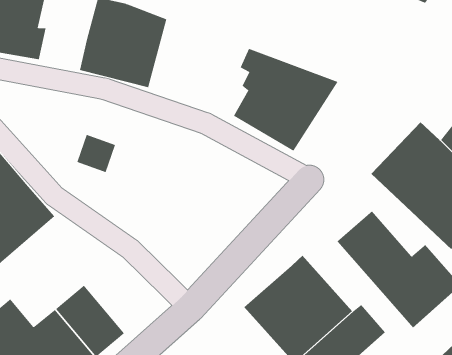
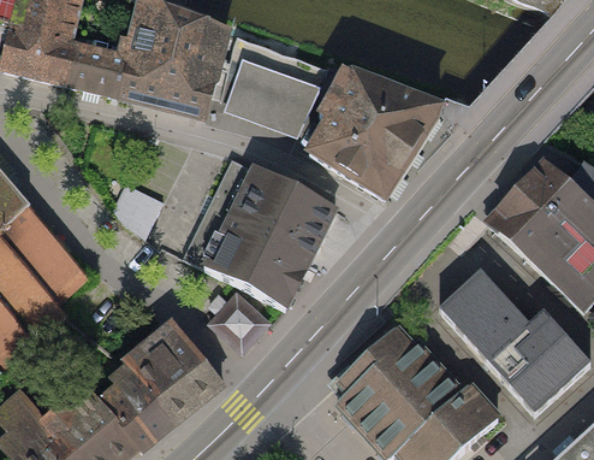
building: none -> [220,34,331,136]
building: none -> [71,42,129,95]
building: none -> [183,157,337,308]
building: none -> [209,291,275,358]
building: none -> [126,325,221,423]

